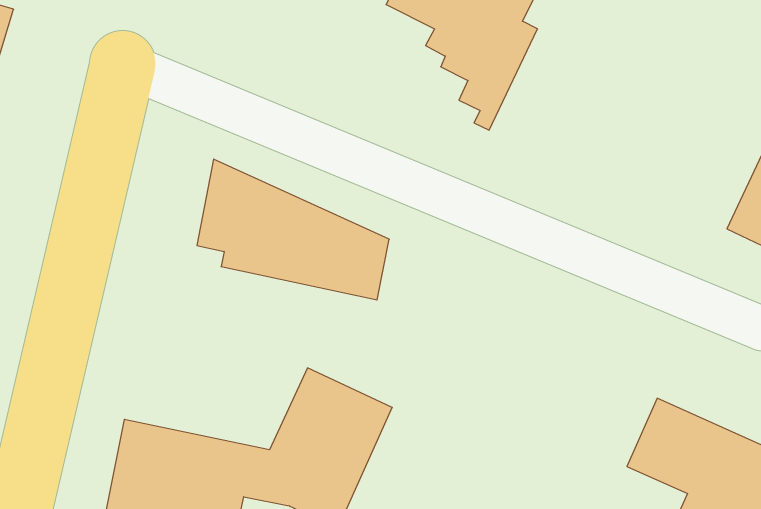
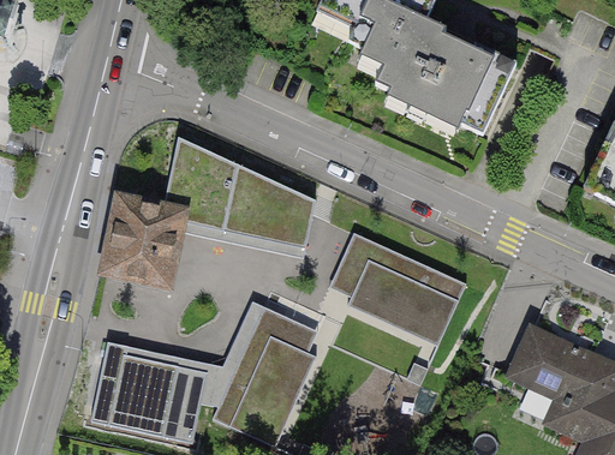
building: none -> [398,31,506,145]
building: none -> [102,192,187,286]
building: none -> [327,235,465,352]

